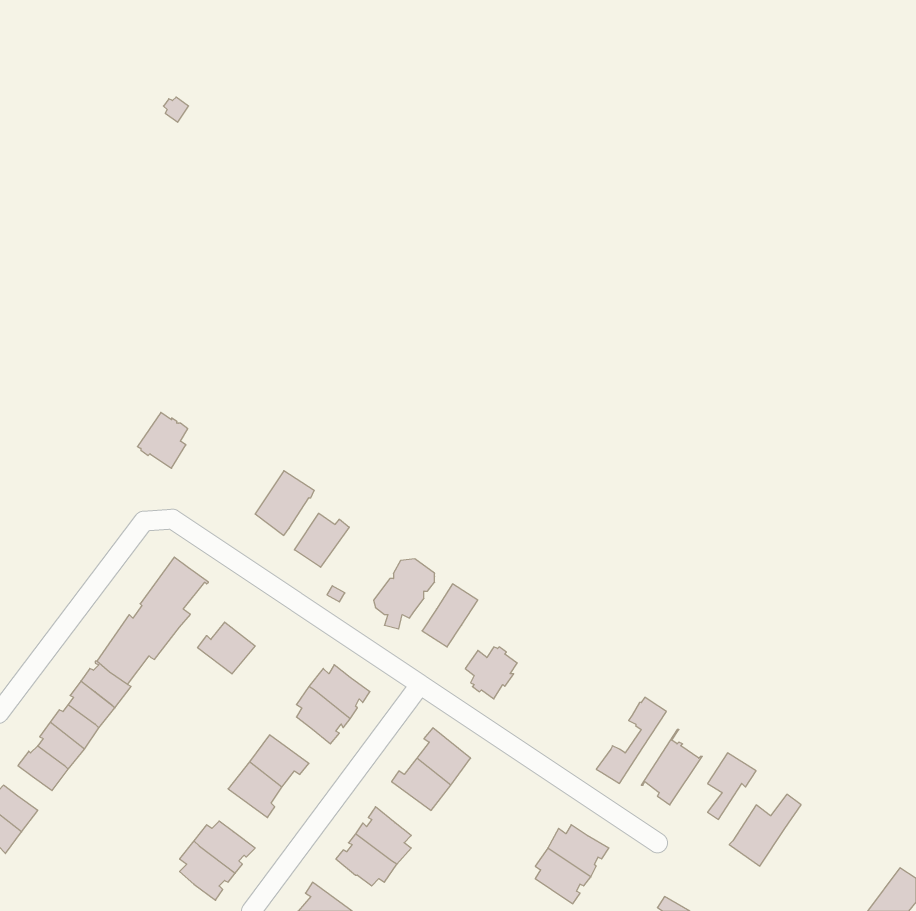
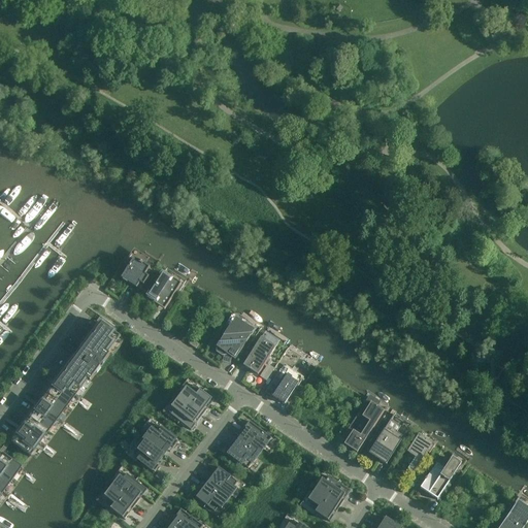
building: [137,412,188,468] -> [120,256,148,288]
building: [294,513,349,567] -> none
building: [198,622,255,674] -> none

